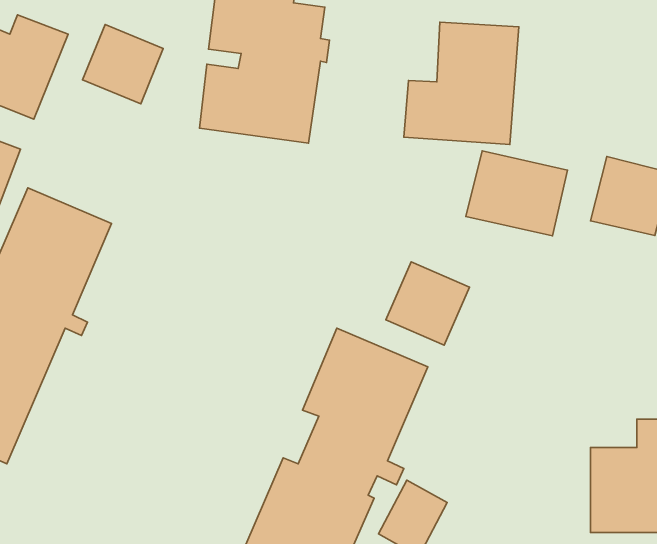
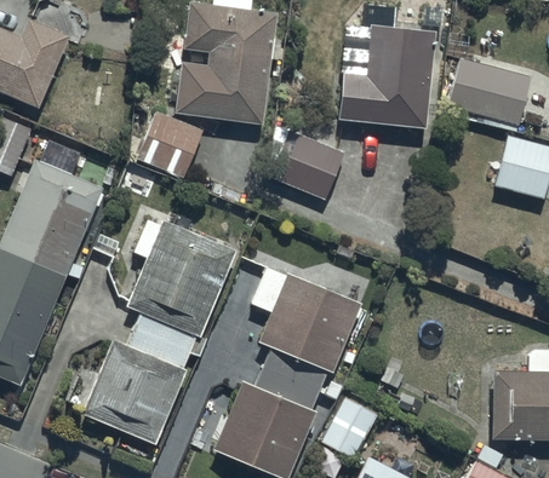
building: [83,25,163,104] -> [137,113,202,177]
building: [466,151,567,236] -> [448,58,531,127]
building: none -> [81,215,238,444]
building: [386,262,469,345] -> [278,134,345,202]

